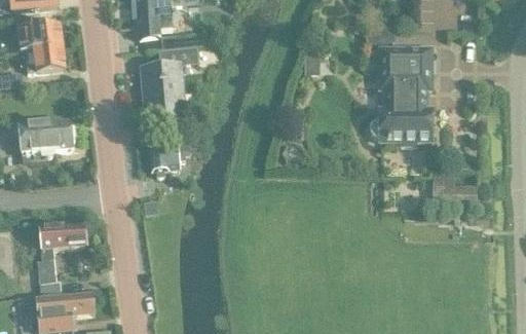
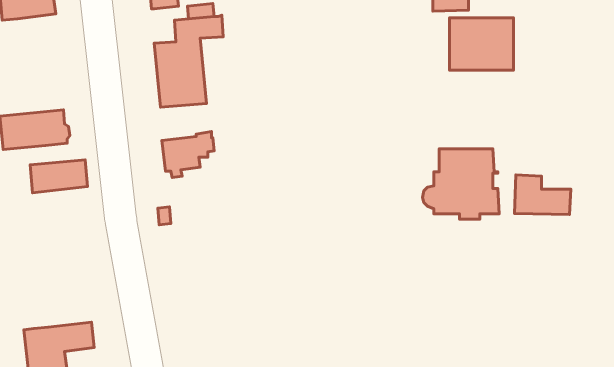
building: [26,43,65,71] -> none
building: [370,88,431,145] -> [422,149,499,219]
building: [39,221,85,248] -> [30,160,88,193]
building: [37,257,61,293] -> none

